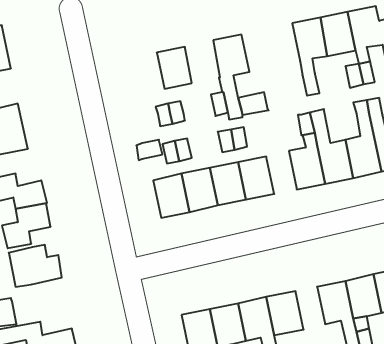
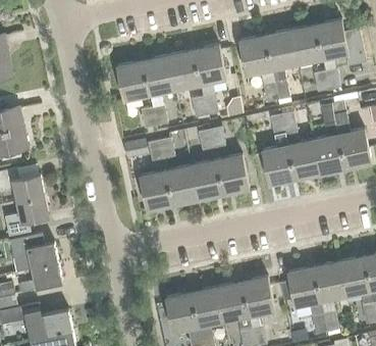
building: none -> [239,35,278,103]
building: none -> [168,50,200,89]
building: none -> [117,61,150,100]
building: none -> [18,264,61,293]

